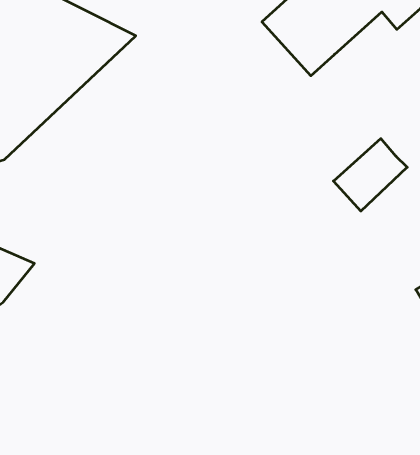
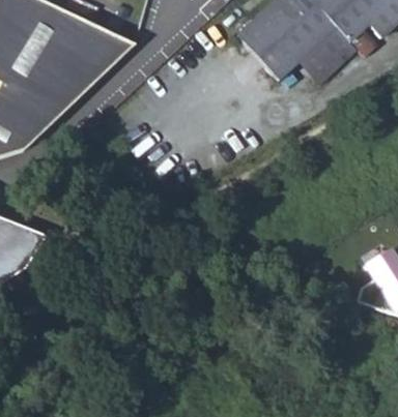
building: [333,139,407,211] -> [297,27,359,87]

